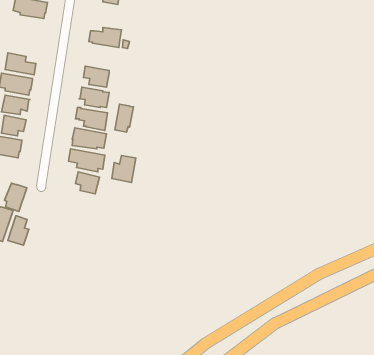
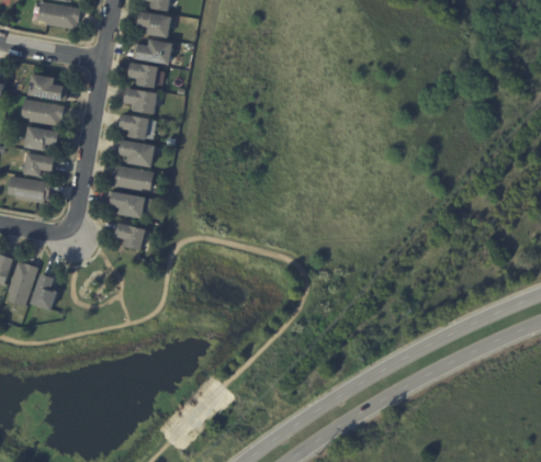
building: none -> [138,11,171,37]
building: none -> [128,63,165,88]
building: [115,104,134,132] -> none
building: [112,156,136,183] -> none
building: [5,183,27,211] -> none

